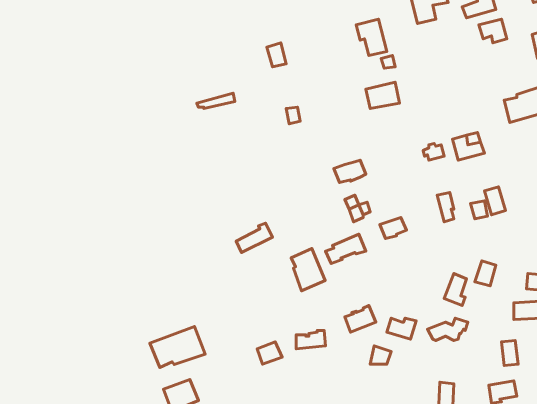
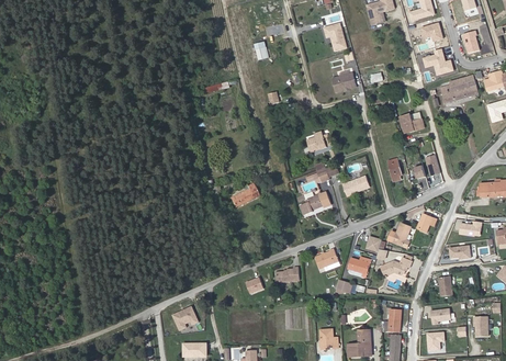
building: none -> [423,48,453,75]
building: [291,248,325,291] -> none
building: [150,326,205,367] -> none

